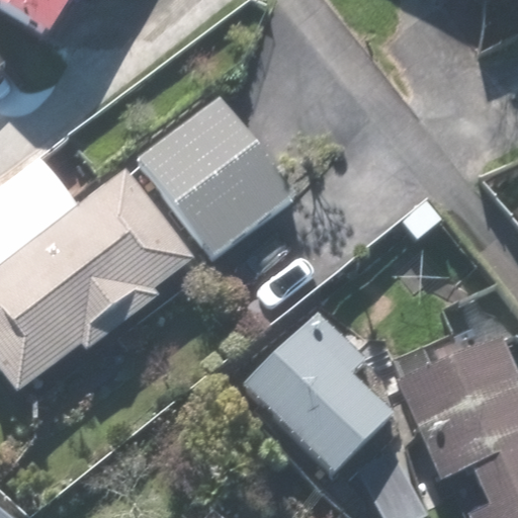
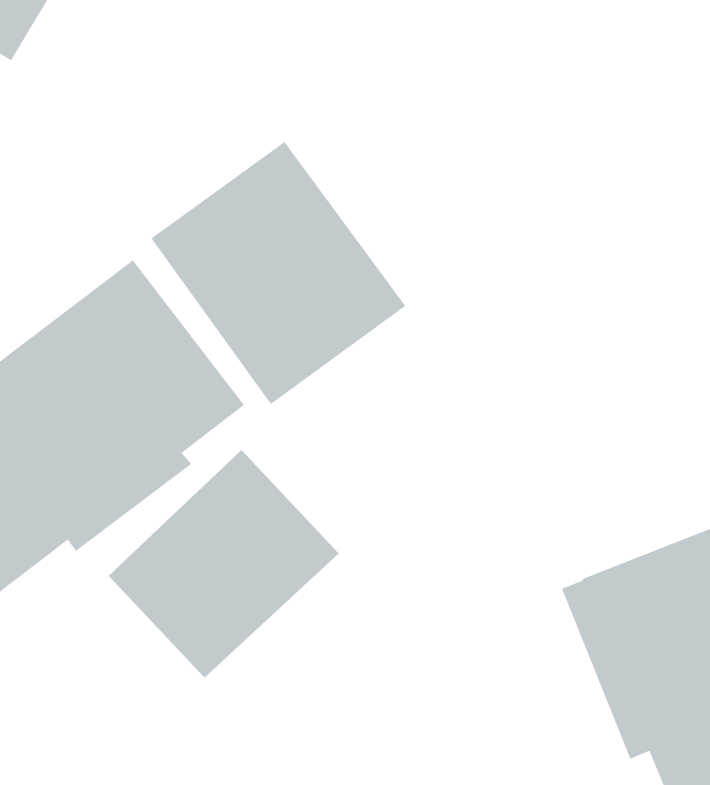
building: none -> [108,449,339,679]
building: [238,305,394,478] -> none

